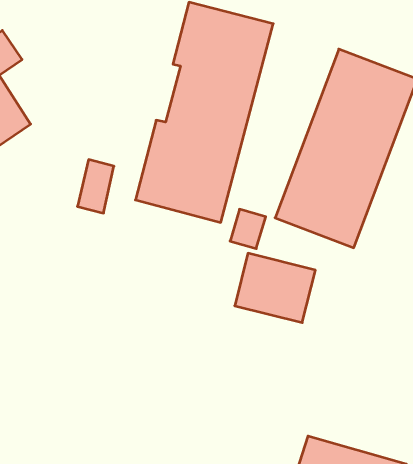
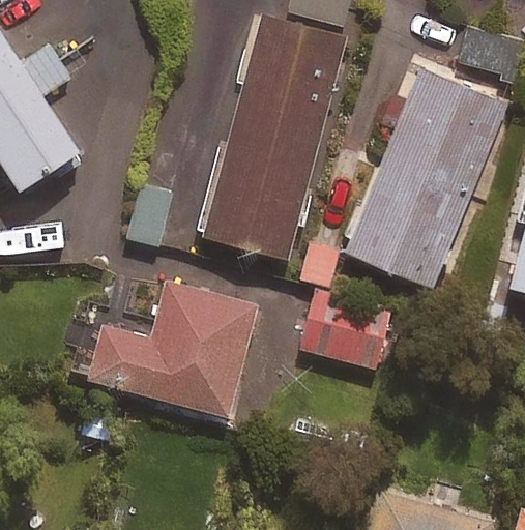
building: none -> [89,283,257,417]

